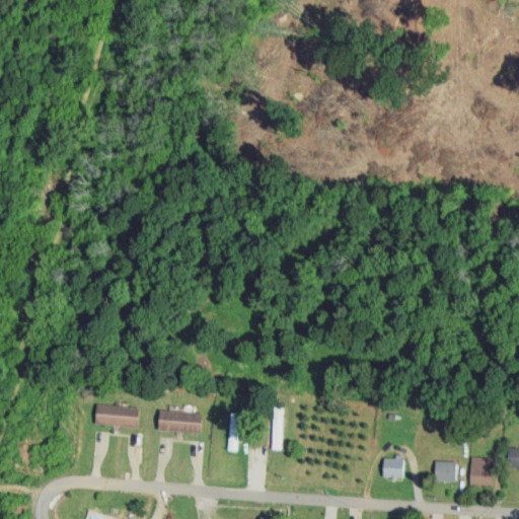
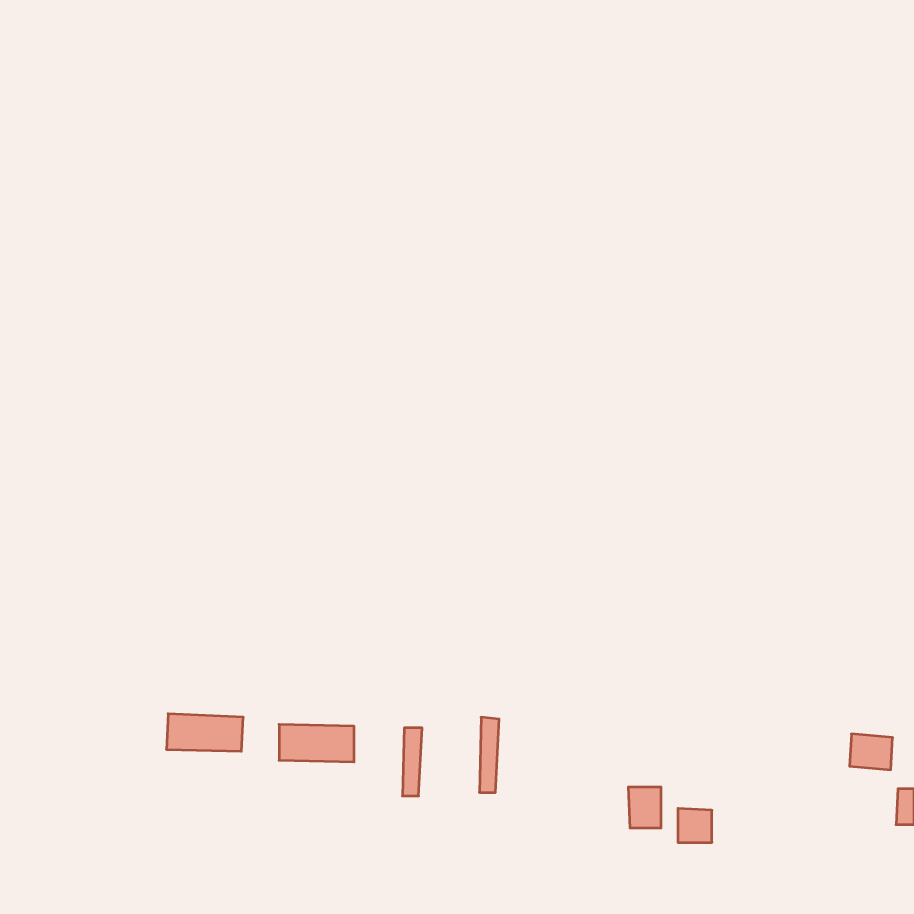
building: none -> [628,787,661,828]
building: [435,461,456,483] -> none
building: [469,465,494,486] -> [850,734,893,770]

